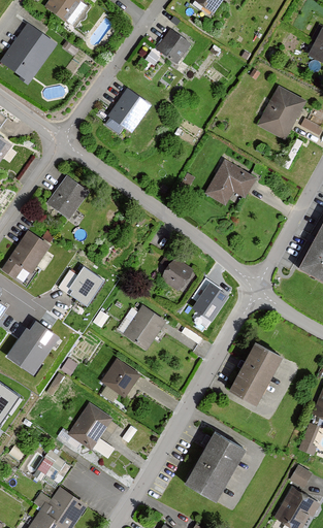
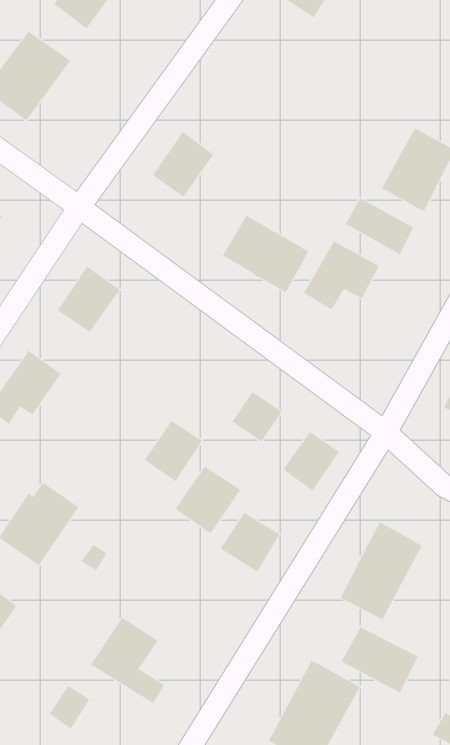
building: [157,30,191,64] -> none
building: none -> [345,197,414,255]
building: none -> [222,215,309,293]
building: [67,267,105,307] -> [144,420,203,482]
building: [101,360,140,399] -> [220,512,280,572]
building: none -> [341,626,418,693]

